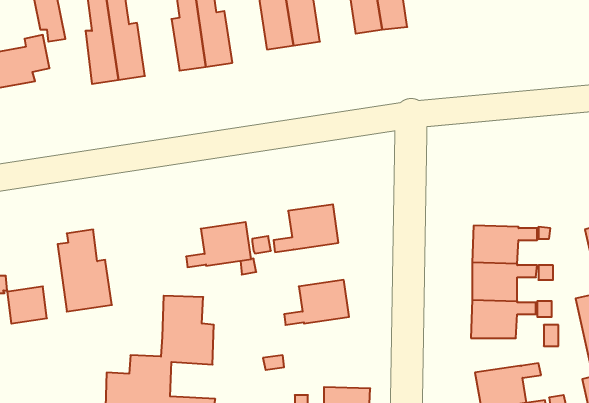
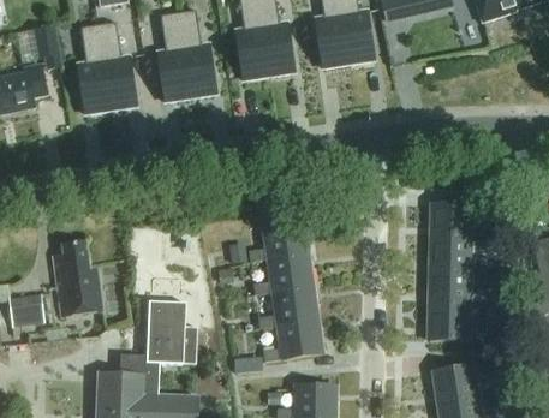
building: none -> [431,204,490,239]
building: [186,222,251,267] -> [255,253,314,294]
building: none -> [264,321,323,362]

